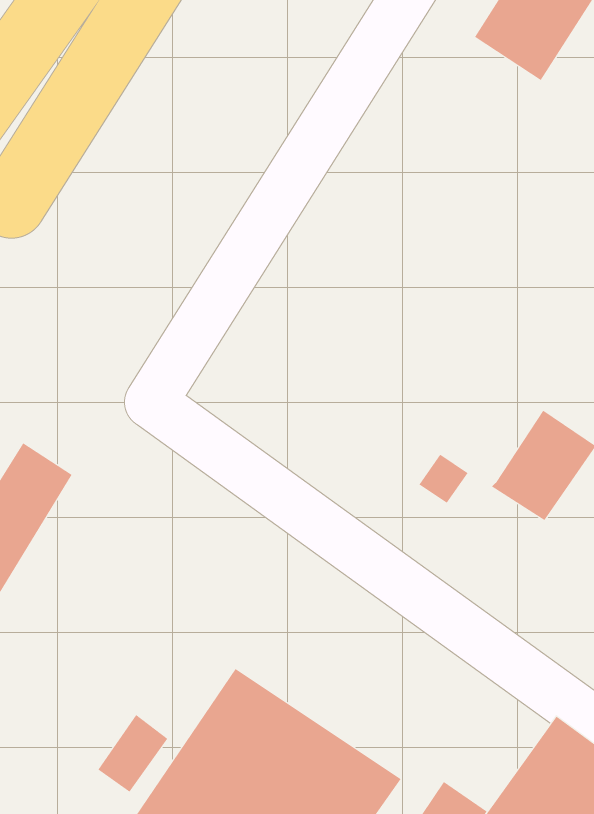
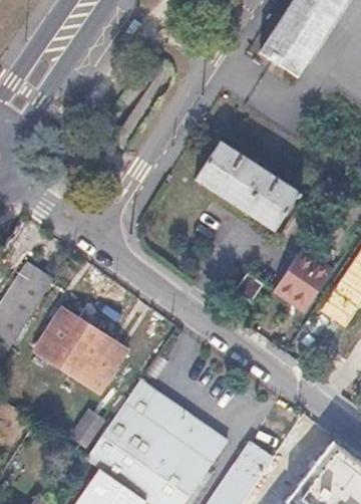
building: none -> [197,142,296,227]
building: none -> [38,309,126,390]

